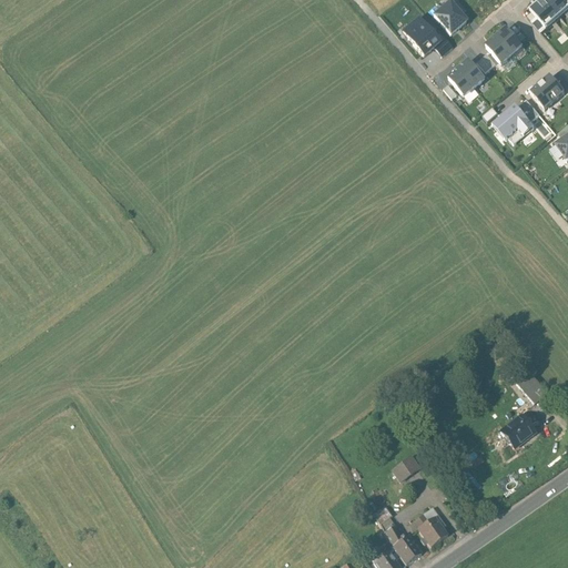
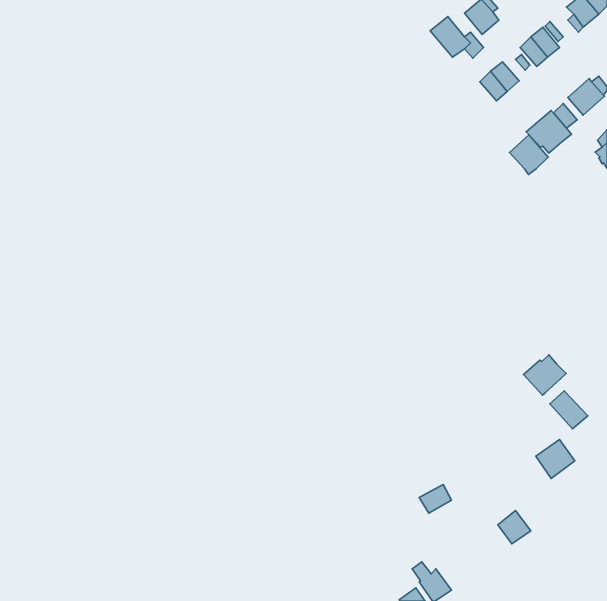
building: none -> [510,135,548,175]
building: none -> [523,355,566,395]
building: [418,514,449,545] -> [498,511,531,544]

